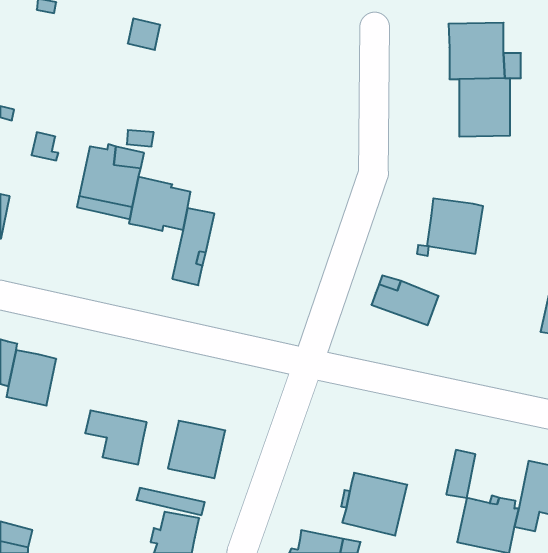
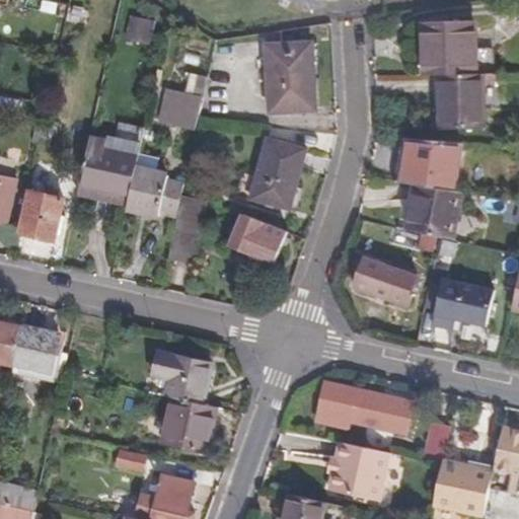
building: none -> [265,41,314,109]
building: none -> [158,75,206,128]
building: none -> [249,135,305,206]
building: none -> [400,138,455,191]
building: none -> [20,194,63,243]
building: none -> [229,216,285,271]
building: none -> [431,280,491,329]
building: none -> [315,380,412,431]
building: [85,410,147,465] -> [152,349,210,399]

